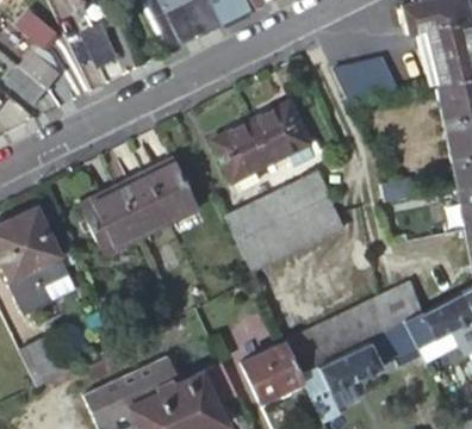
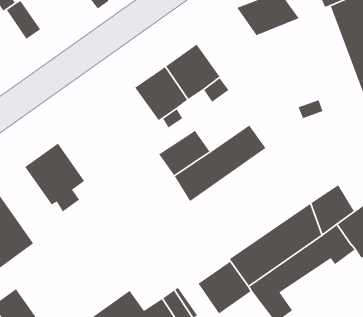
building: [117,157,200,234] -> none
building: [267,170,327,219] -> none

